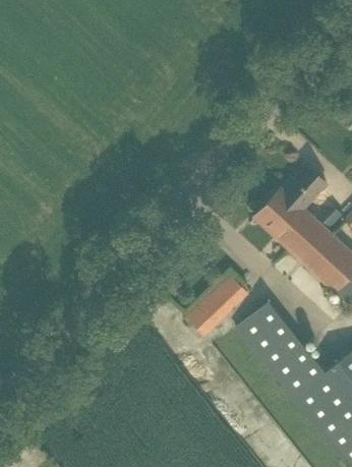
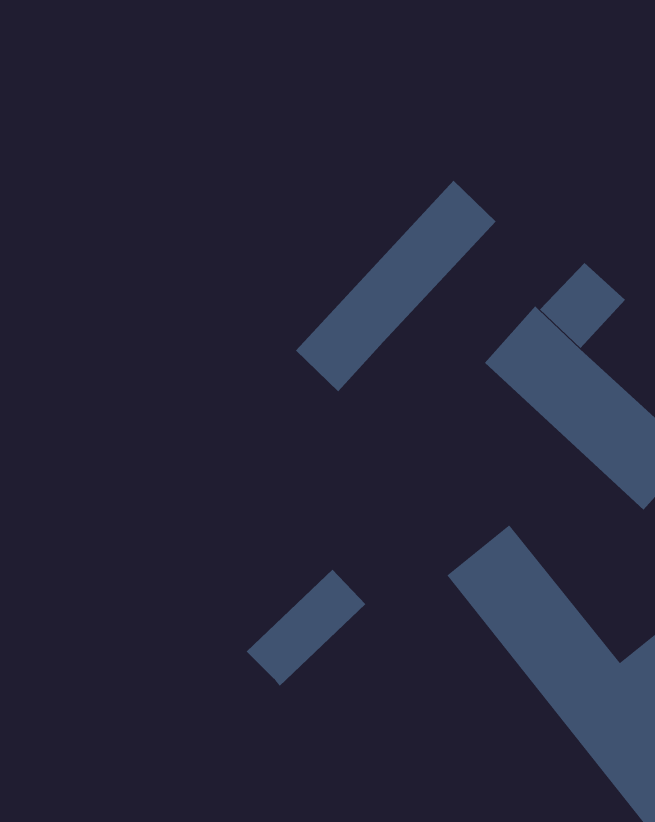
building: none -> [295,180,496,392]
building: [185,275,247,336] -> [246,569,366,687]

